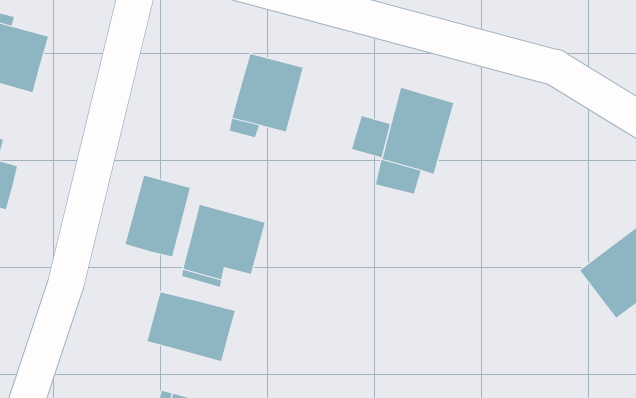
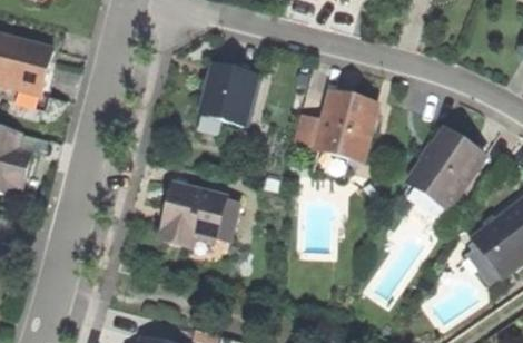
building: none -> [408,128,484,207]
building: [125,175,190,257] -> none
building: [147,291,236,362] -> none

